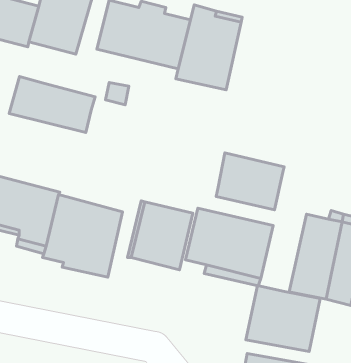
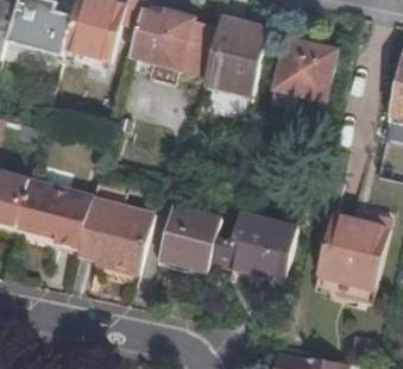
building: none -> [273,38,339,102]
building: [9,77,95,133] -> none
building: [216,153,284,210] -> none
building: [246,286,320,351] -> none

